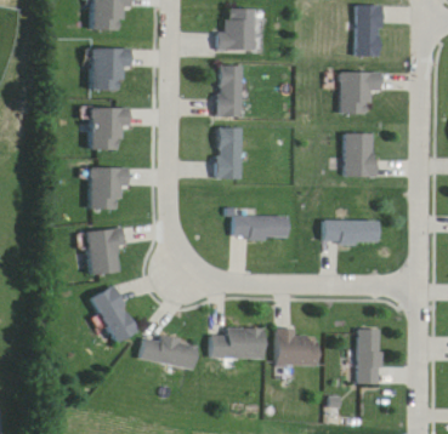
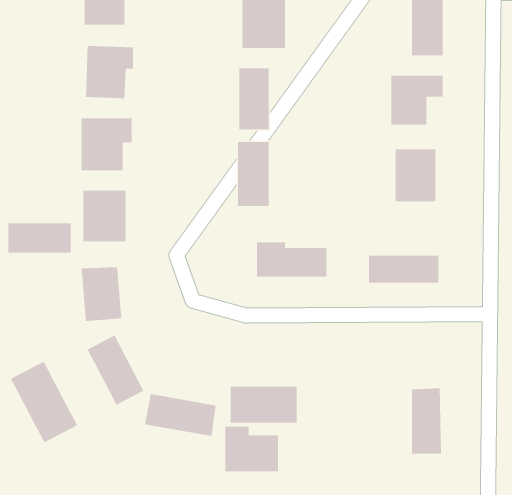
building: none -> [8,223,71,254]
building: none -> [10,361,78,443]
building: [273,327,318,365] -> [224,426,279,472]

